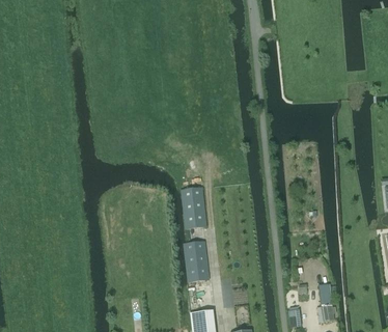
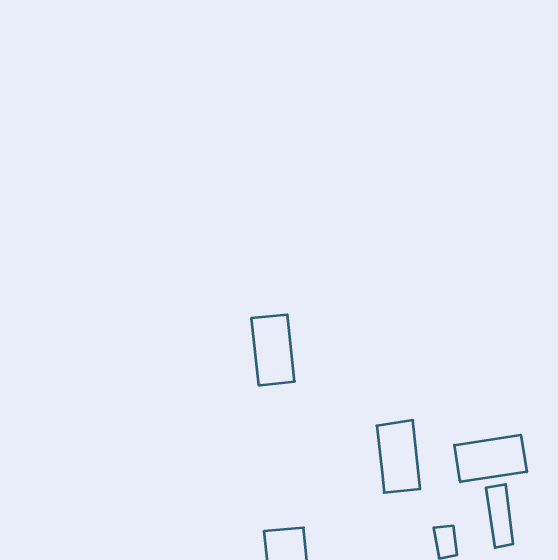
building: [185,241,210,282] -> [377,420,420,493]
building: none -> [454,435,527,482]

